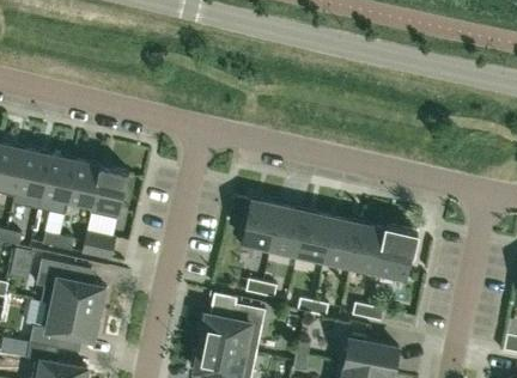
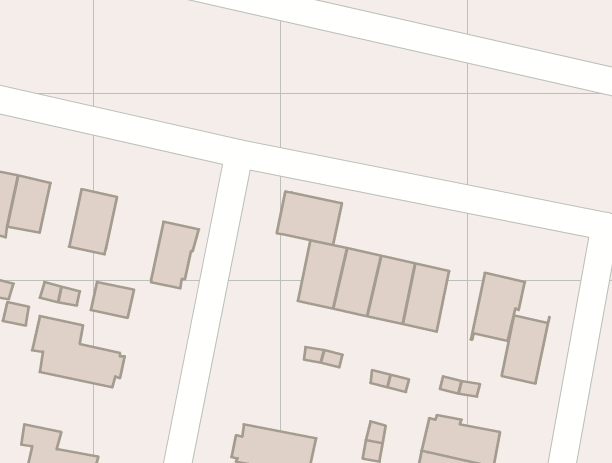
building: [43,156,75,200] -> none
building: none -> [277,191,342,245]
building: [93,166,130,218] -> [151,222,199,288]
building: [351,224,388,276] -> [502,315,549,383]
building: [31,301,102,348] -> none
building: [199,303,266,353] -> none

